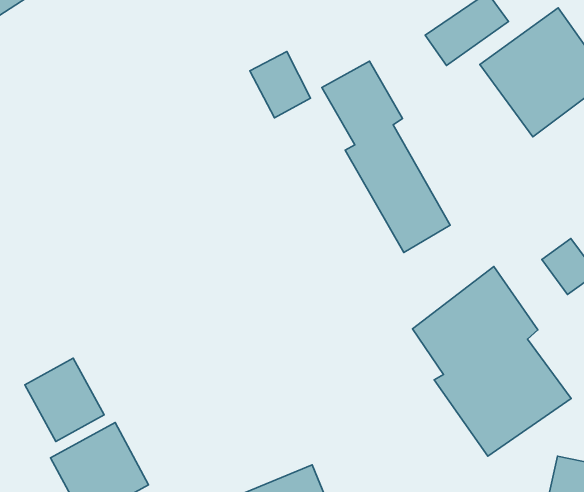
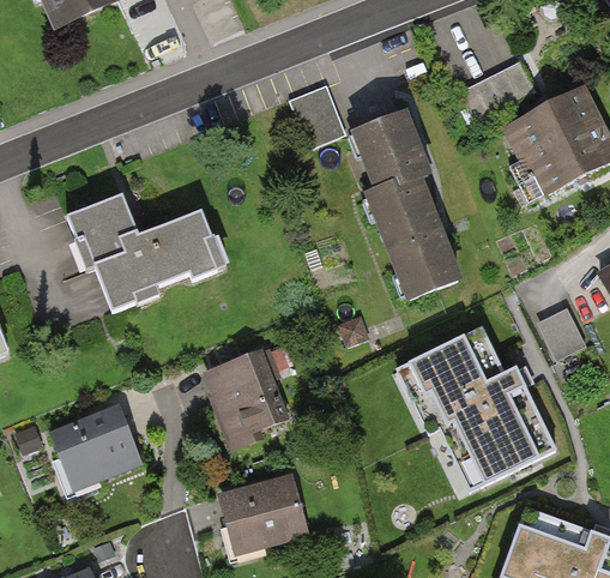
building: none -> [78,203,232,324]
building: none -> [205,351,288,447]
building: [25,358,104,442] -> none

